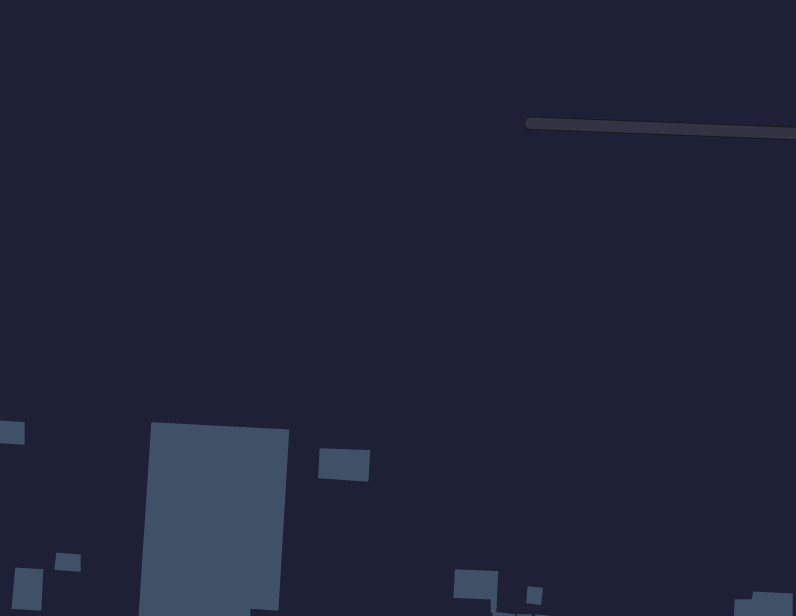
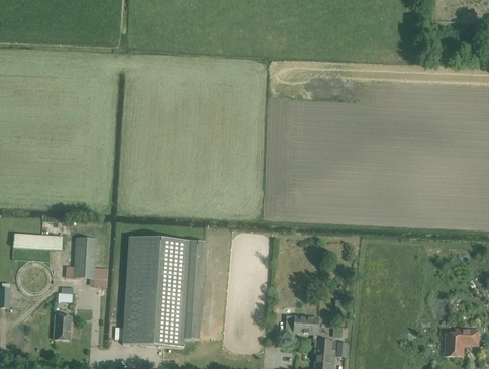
building: none -> [74,237,97,278]
building: [317,448,371,483] -> none

